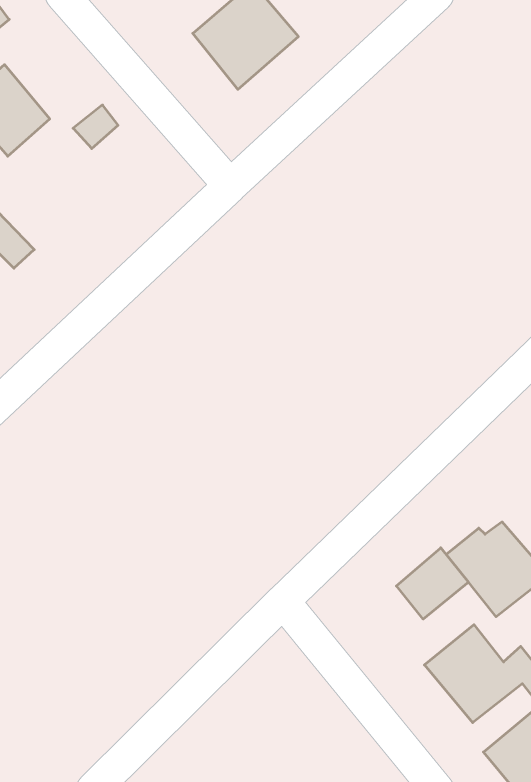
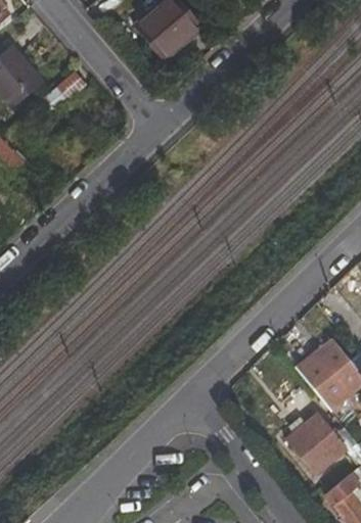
building: [396,548,468,619] -> none

